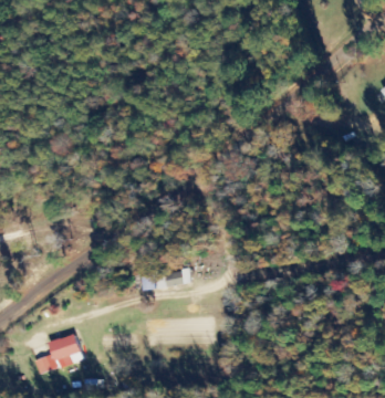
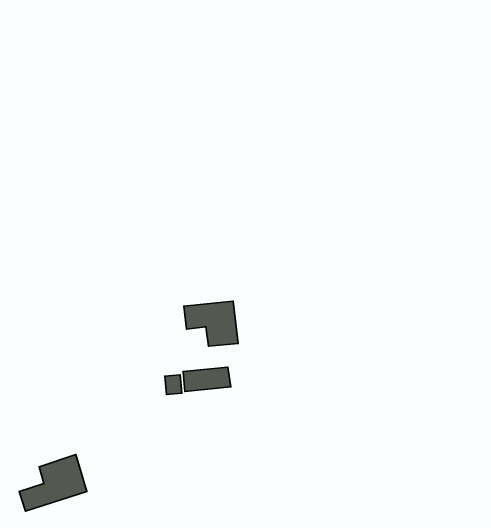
building: none -> [184,301,238,346]

